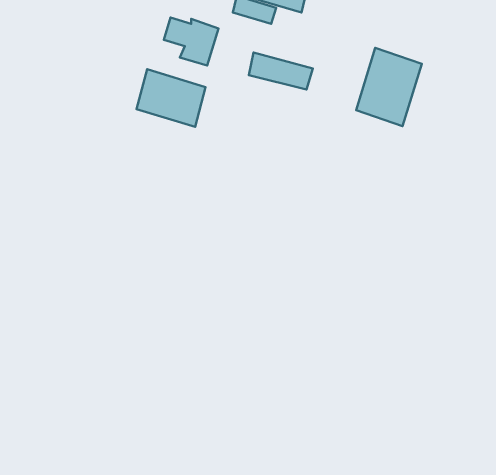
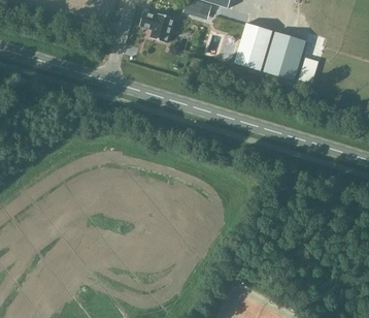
building: none -> [235,23,274,71]
building: [137,69,206,127] -> none

